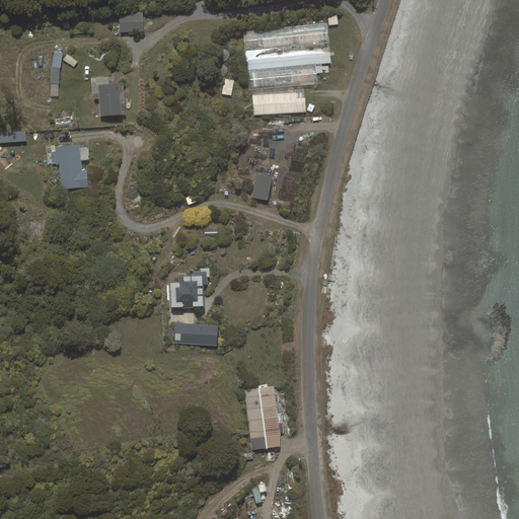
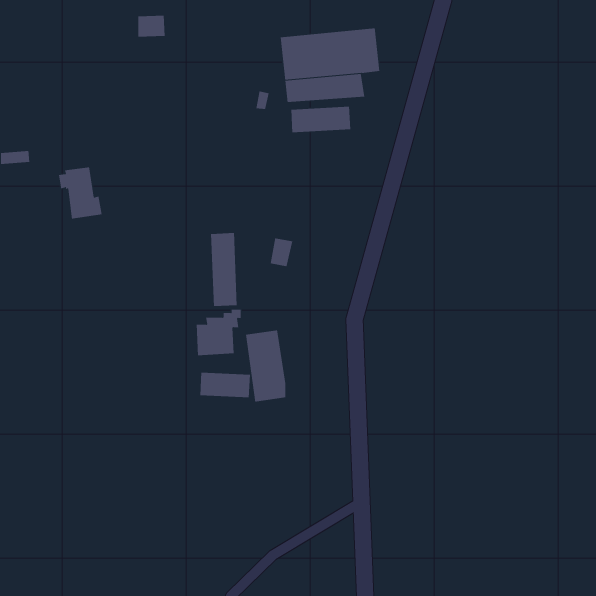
building: [98,84,123,117] -> none
building: [252,174,273,200] -> [270,238,293,267]
building: none -> [211,232,237,307]
building: [244,387,280,450] -> [245,330,286,402]

